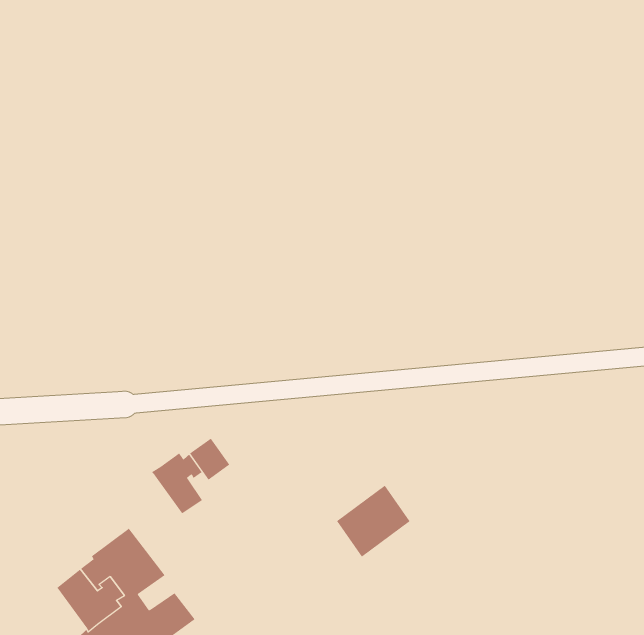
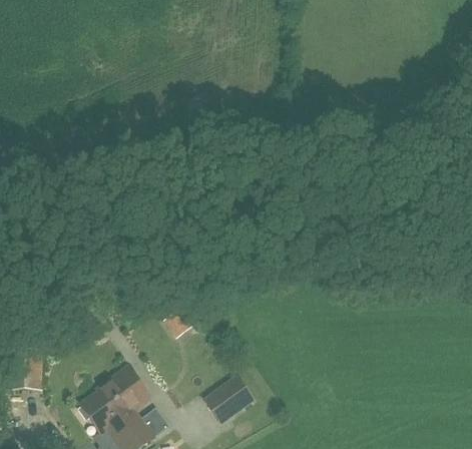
building: [151,453,203,514] -> none
building: [336,485,411,557] -> [205,376,253,422]

